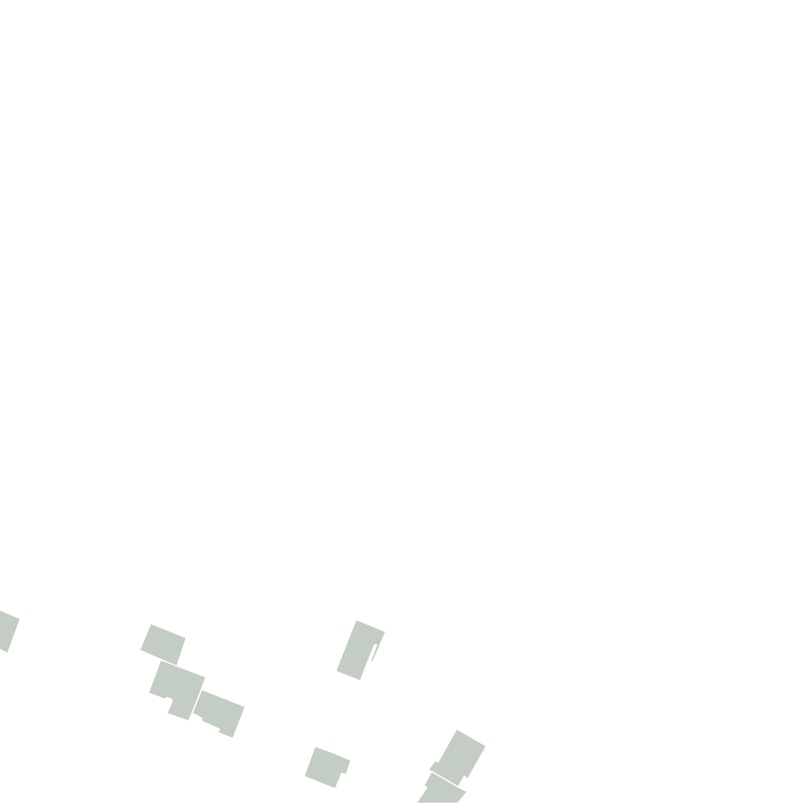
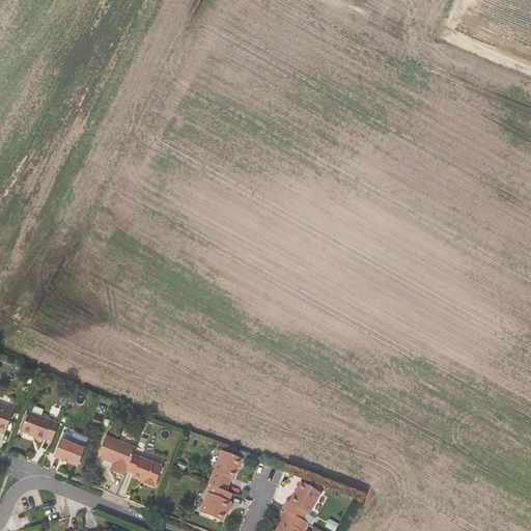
building: [335,619,386,681] -> [211,450,244,491]
building: [139,624,187,666] -> [53,438,84,466]
building: none -> [21,411,58,440]

